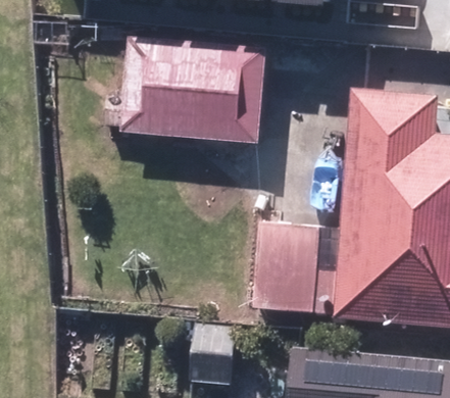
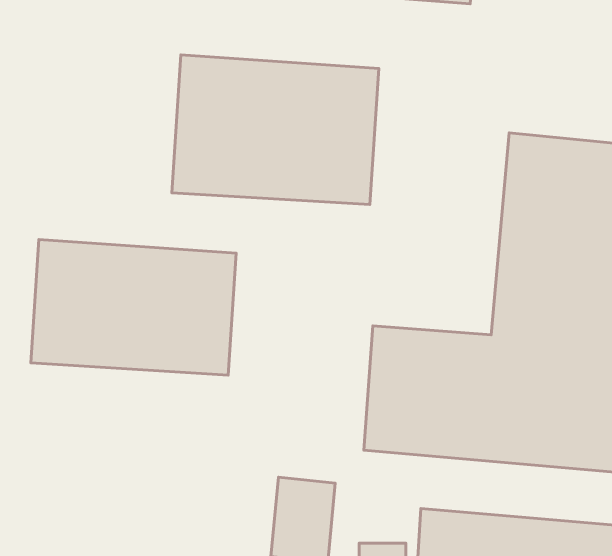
building: none -> [31,239,236,375]

